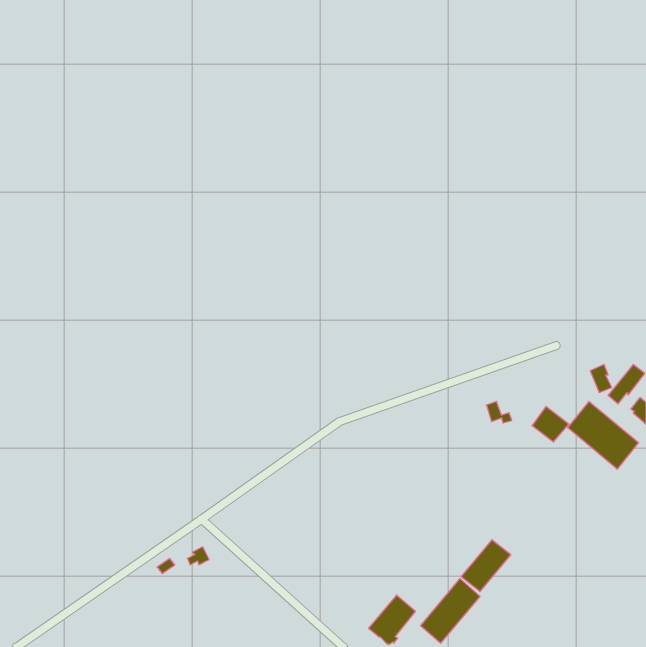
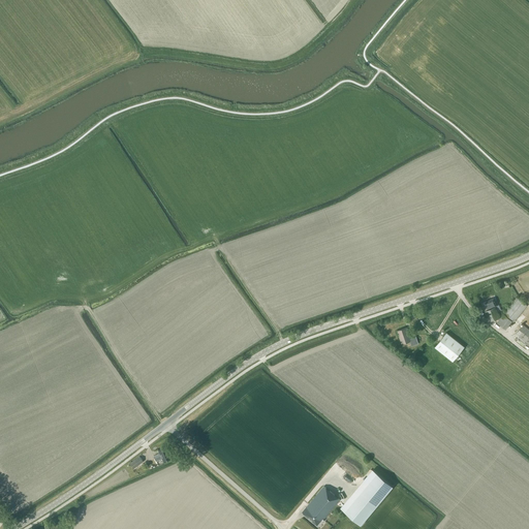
building: [568,401,639,469] -> none
building: [461,540,511,592] -> none

